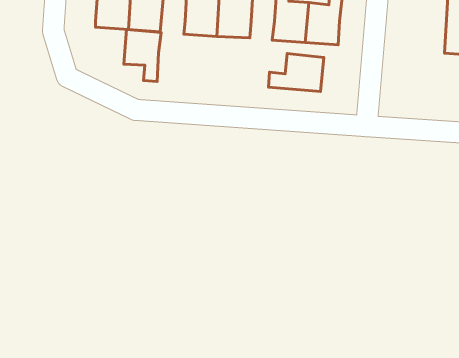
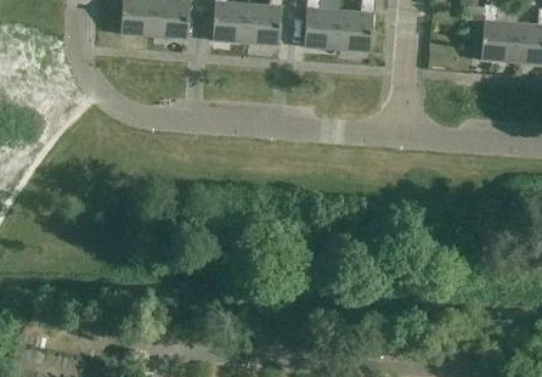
building: [124,29,161,81] -> none
building: [268,54,324,92] -> none

